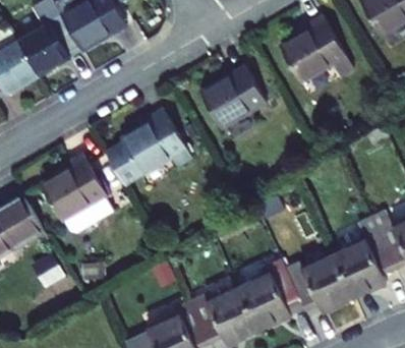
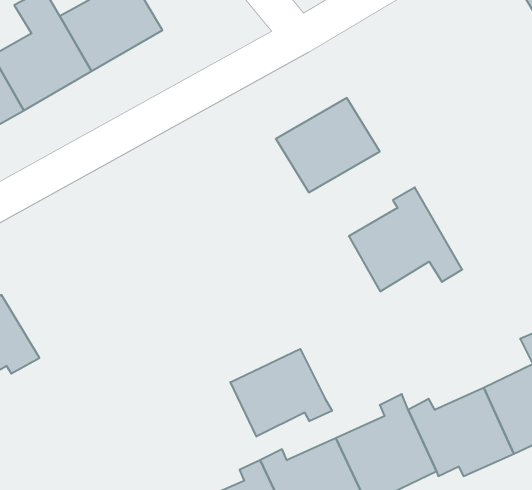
building: [280,15,353,82] -> [349,187,462,291]
building: [106,108,192,185] -> none
building: [40,154,114,231] -> none
building: none -> [230,349,332,437]

